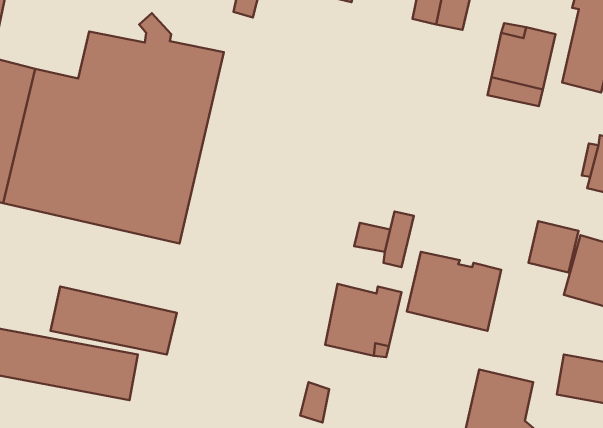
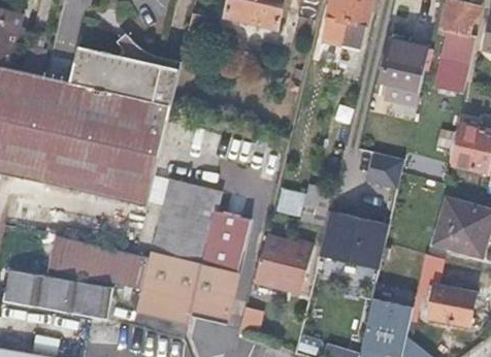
building: none -> [137,178,250,320]
building: [528,221,578,272] -> [366,152,403,190]

